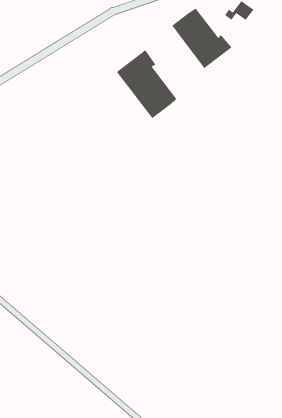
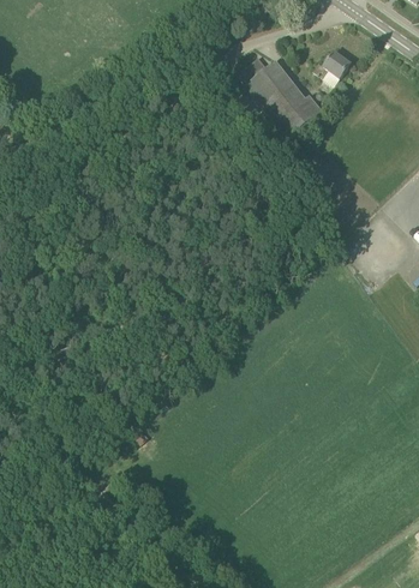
building: [116,49,177,119] -> none

